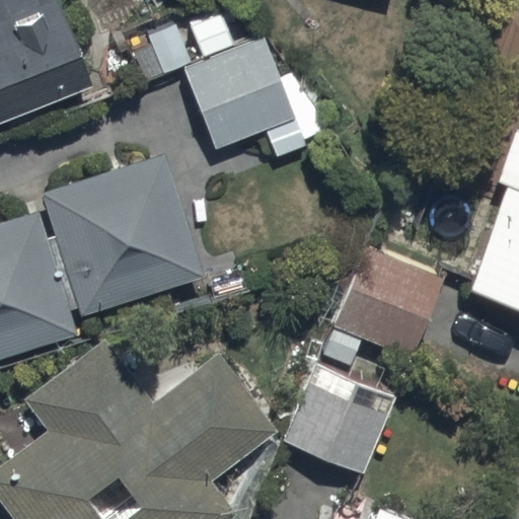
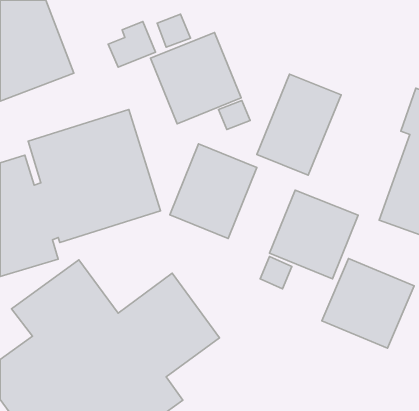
building: none -> [257,74,341,175]
building: none -> [170,144,257,239]
building: [284,364,396,473] -> [322,259,414,348]

